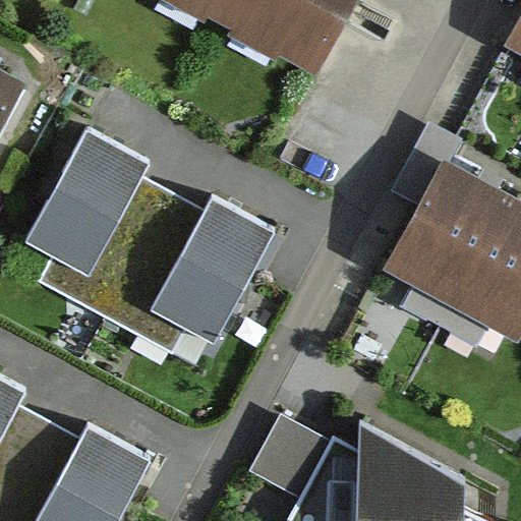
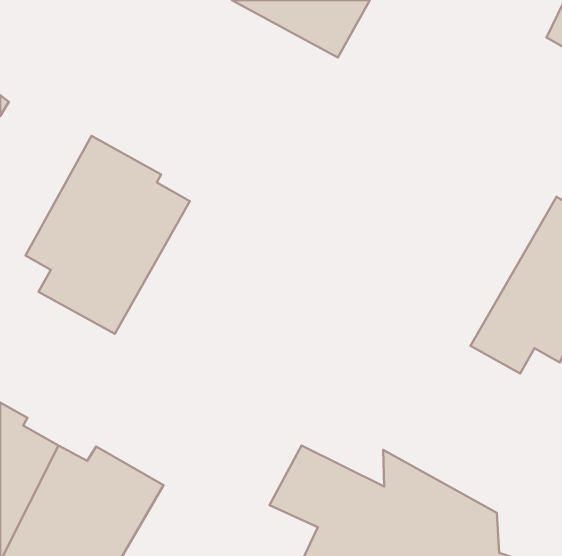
building: [382,121,515,327] -> none
building: [108,193,276,351] -> none

